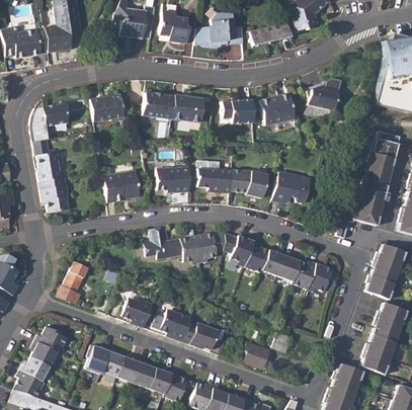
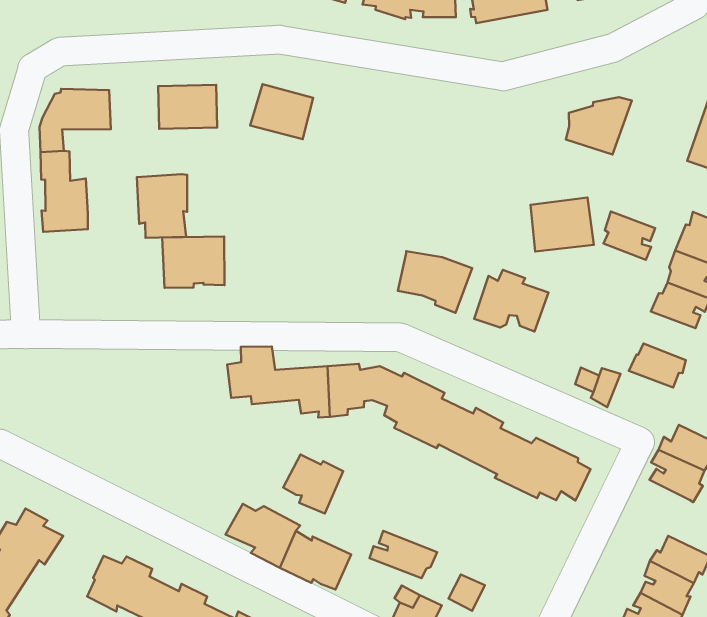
building: [260,92,296,124] -> [531,198,594,252]
building: [170,94,202,119] -> none
building: [222,98,252,121] -> none
building: [194,160,231,192] -> none
building: [156,167,188,191] -> none
building: [39,176,69,212] -> [137,174,187,238]
building: [360,186,387,210] -> [603,211,655,260]
building: [57,262,88,305] -> none
building: [366,273,394,300] -> none
building: [122,299,153,328] -> [283,455,343,513]
building: none -> [369,531,437,578]

